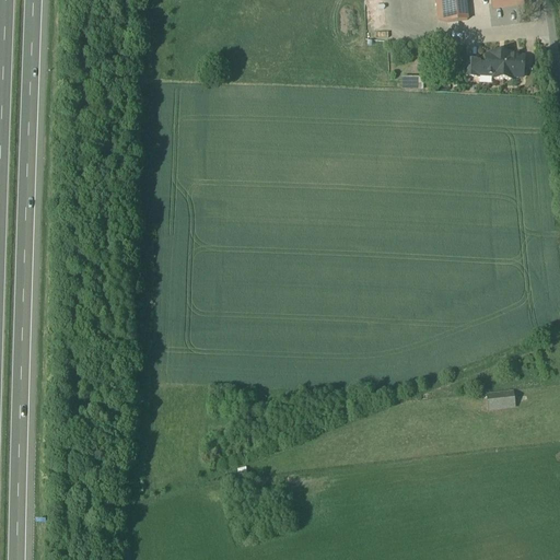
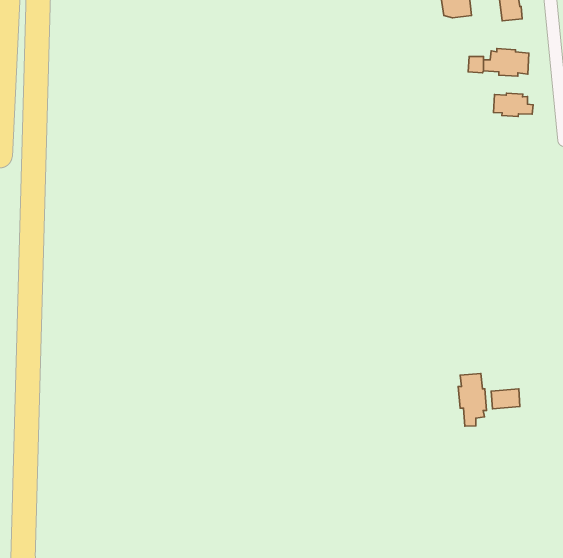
building: none -> [493,93,533,117]
building: none -> [458,374,486,426]

